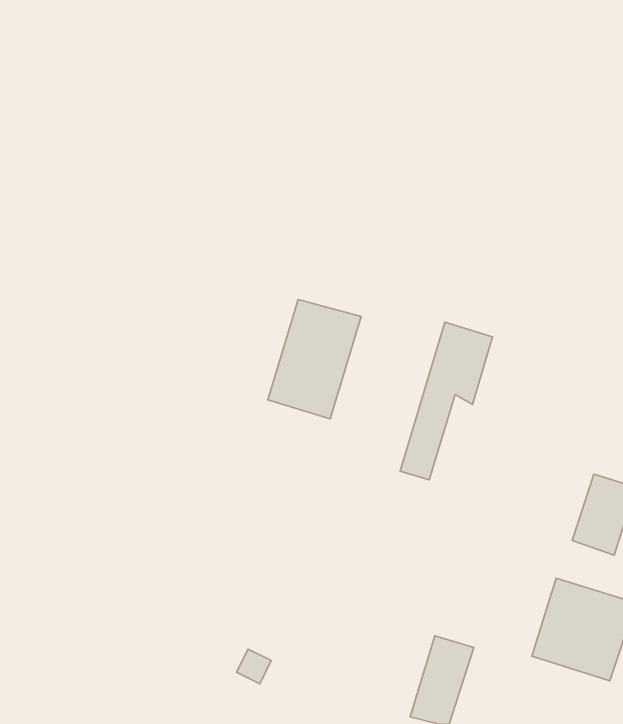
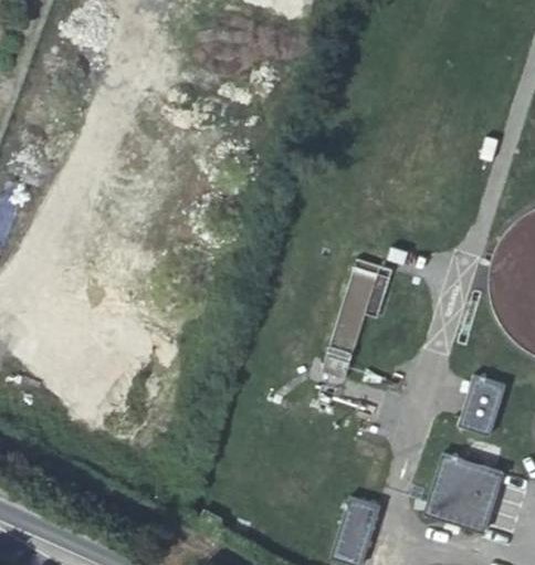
building: [268,299,361,419] -> none

